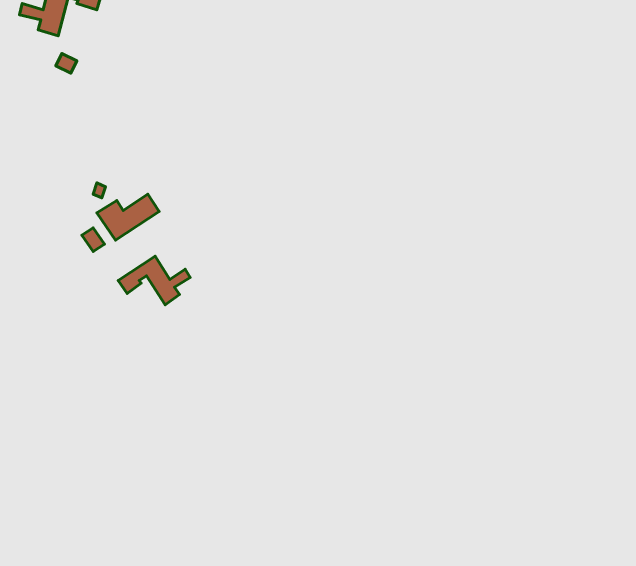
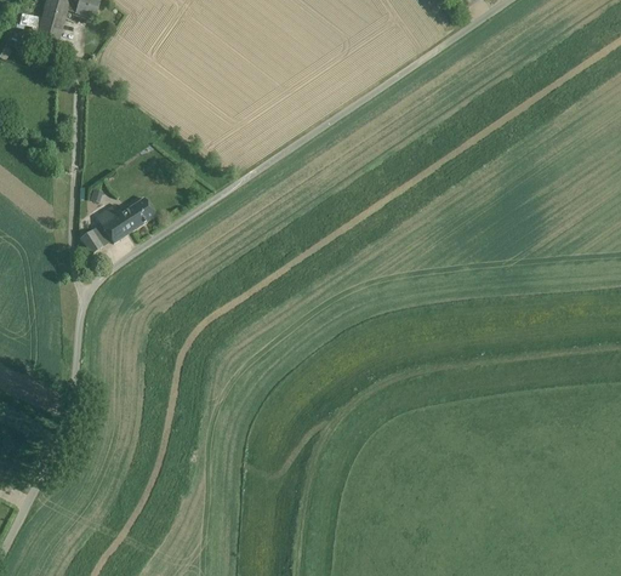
building: [118,256,190,305] -> none

